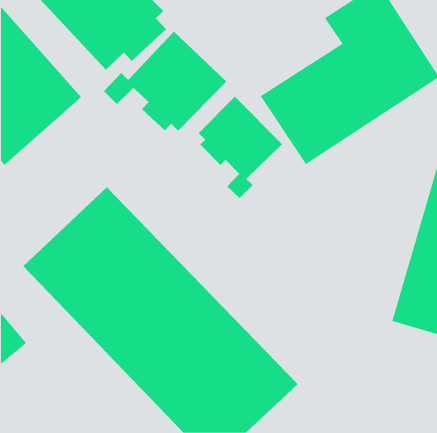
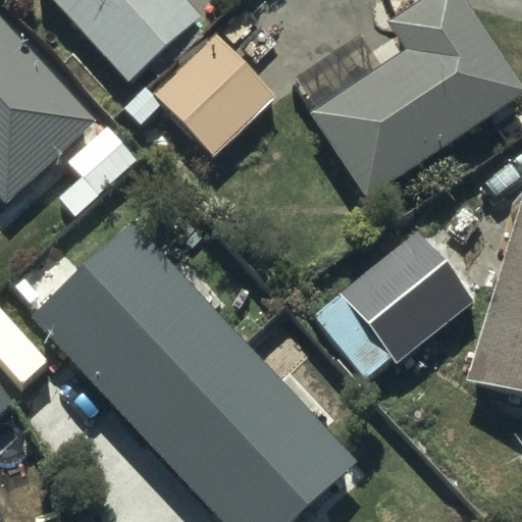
building: [198,96,283,199] -> none
building: none -> [310,244,451,380]

